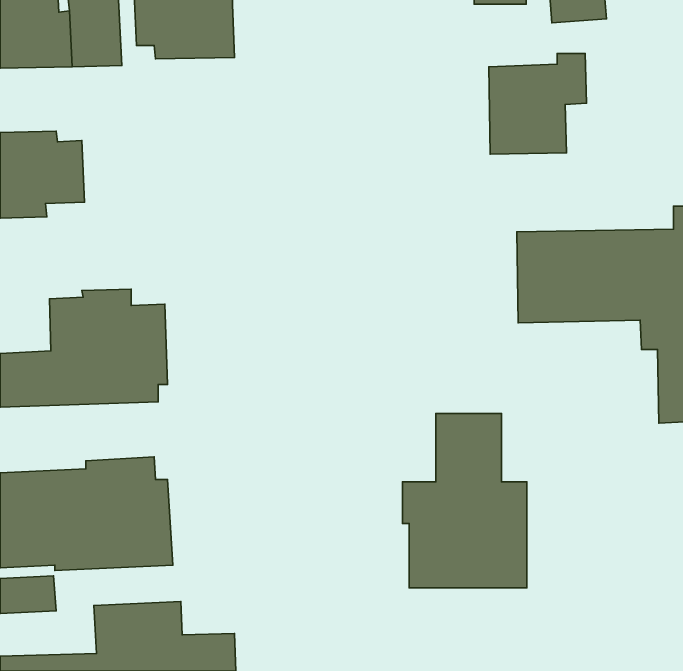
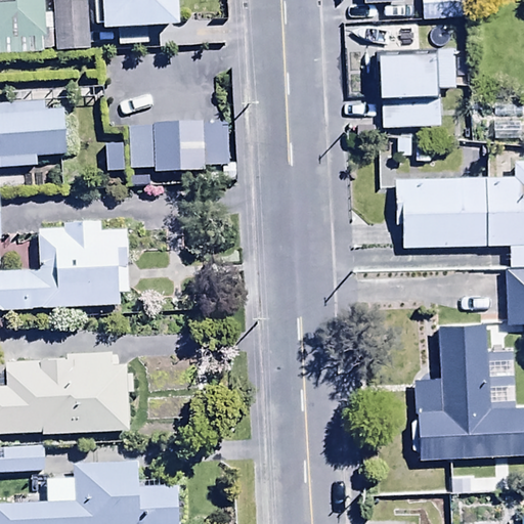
building: none -> [129,123,206,173]
building: [402,414,527,588] -> [414,321,510,454]

